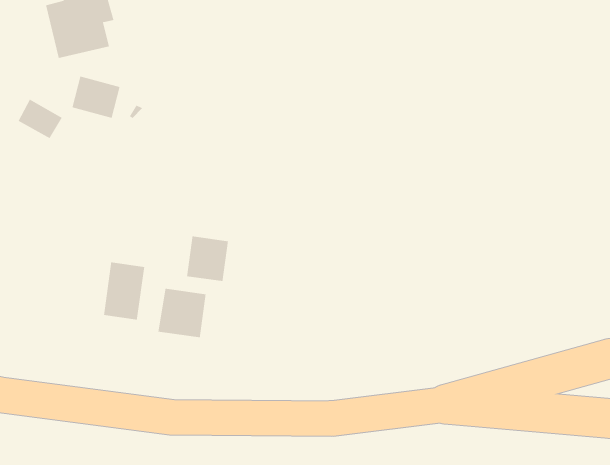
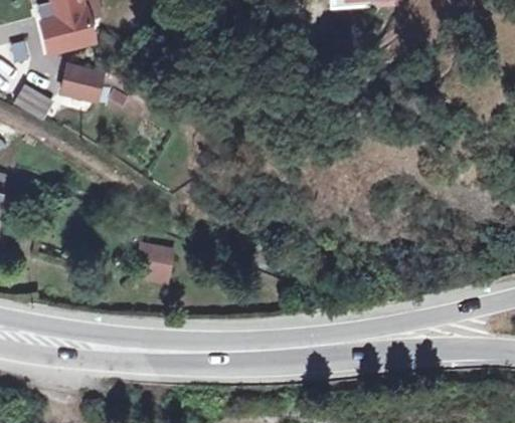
building: [186,236,229,282] -> none
building: [103,261,145,321] -> none

